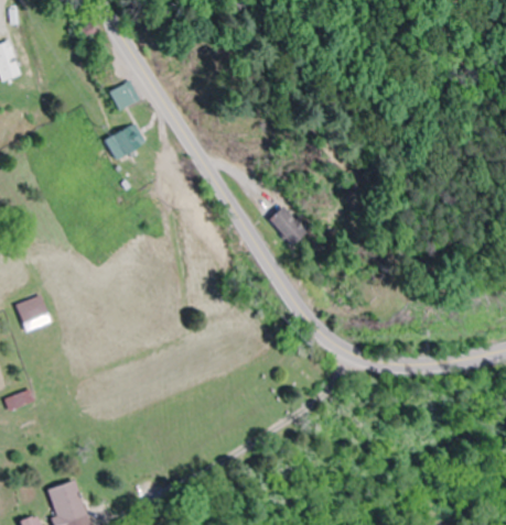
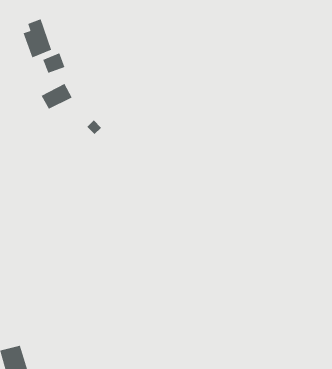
building: none -> [22,18,52,58]
building: [266,206,306,247] -> none

